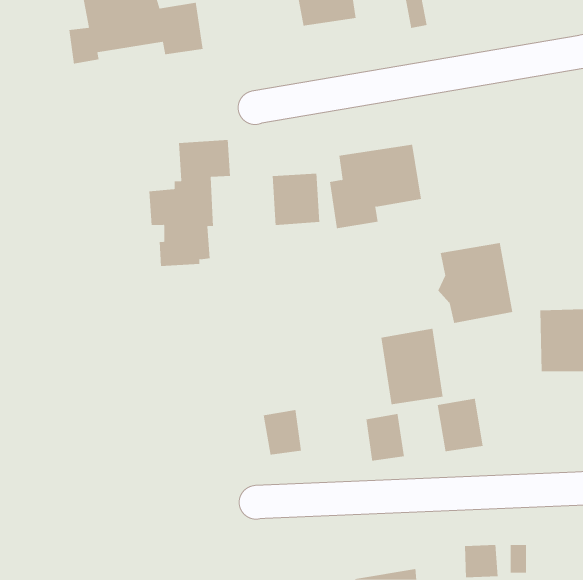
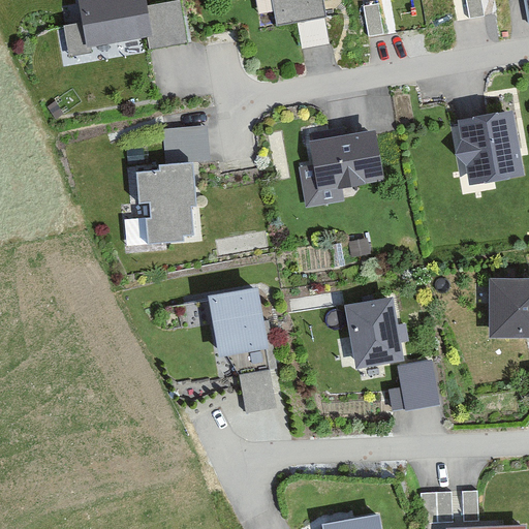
building: [272,173,320,226] -> none
building: [438,242,513,324] -> [455,113,523,186]
building: none -> [207,286,266,353]
building: [366,413,405,462] -> none

